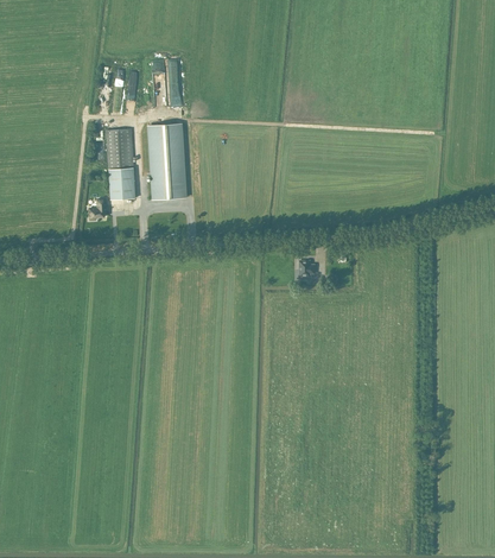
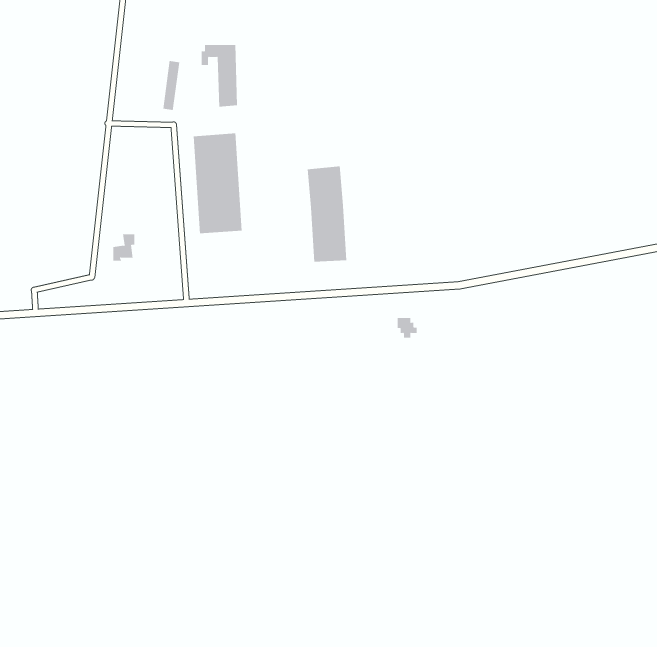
building: [106,128,135,199] -> [307,166,347,262]

